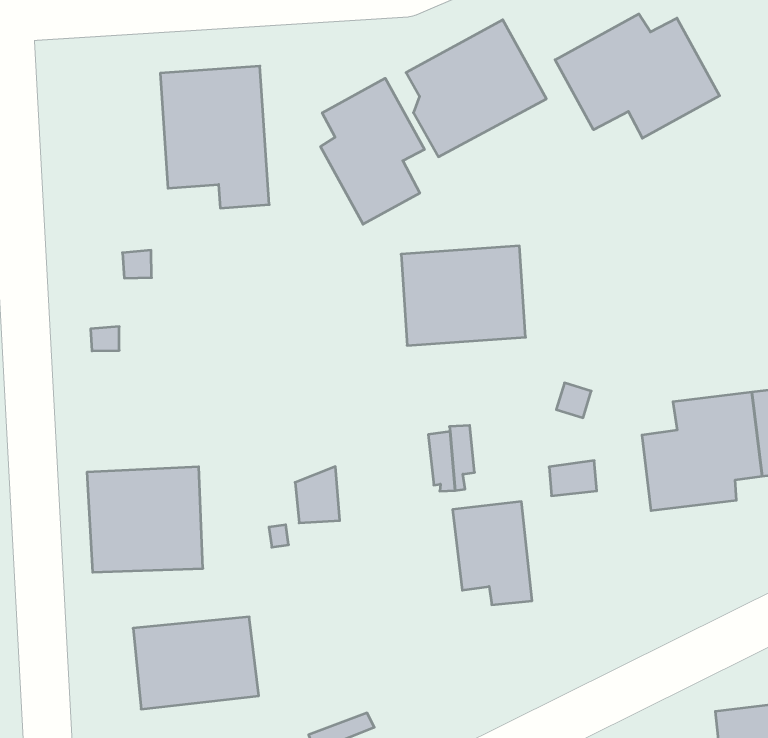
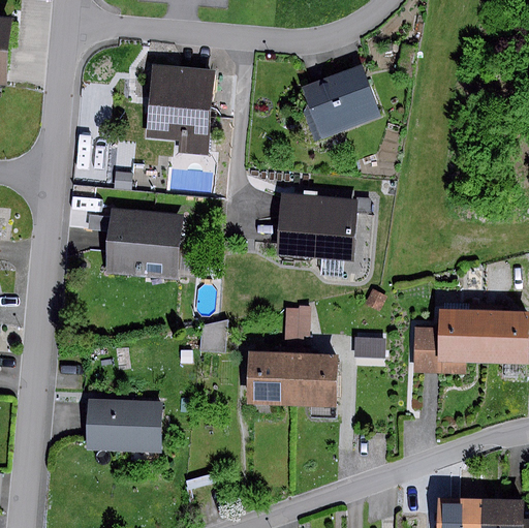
building: [555,14,720,138] -> none
building: [321,78,424,224] -> none
building: [87,467,203,572] -> [106,208,180,276]
building: none -> [246,353,293,404]

